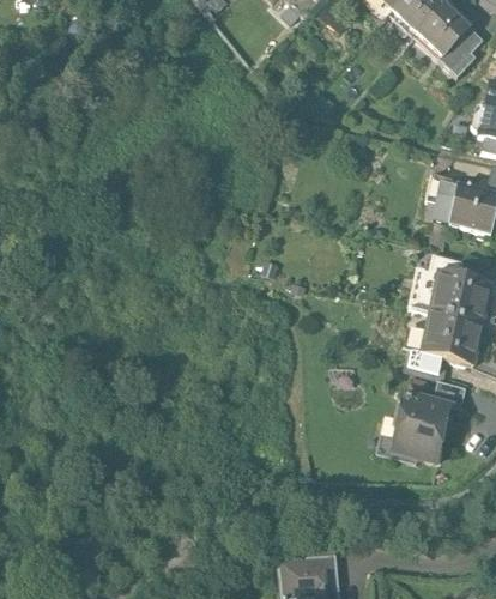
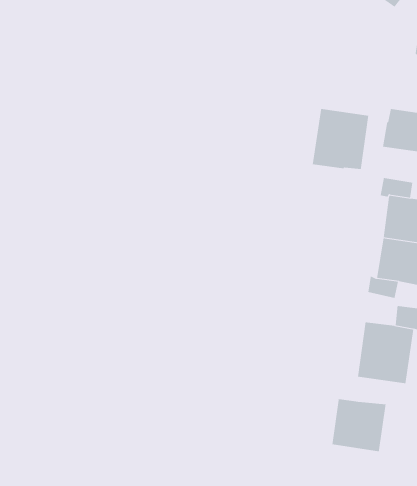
building: none -> [312,108,369,170]
building: none -> [332,398,386,452]

